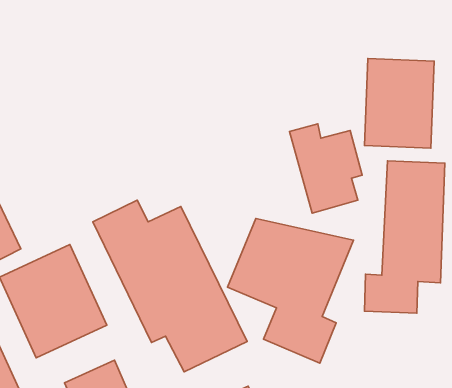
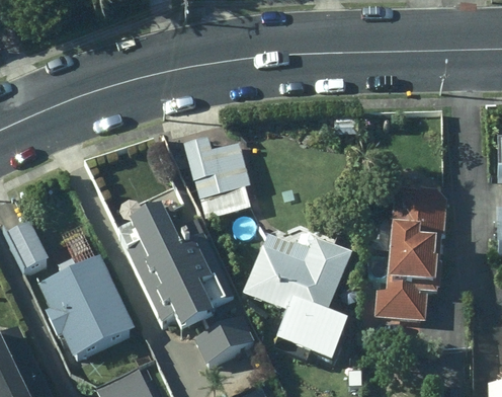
building: [364,59,434,148] -> none
building: [289,124,362,213] -> [184,136,252,219]

